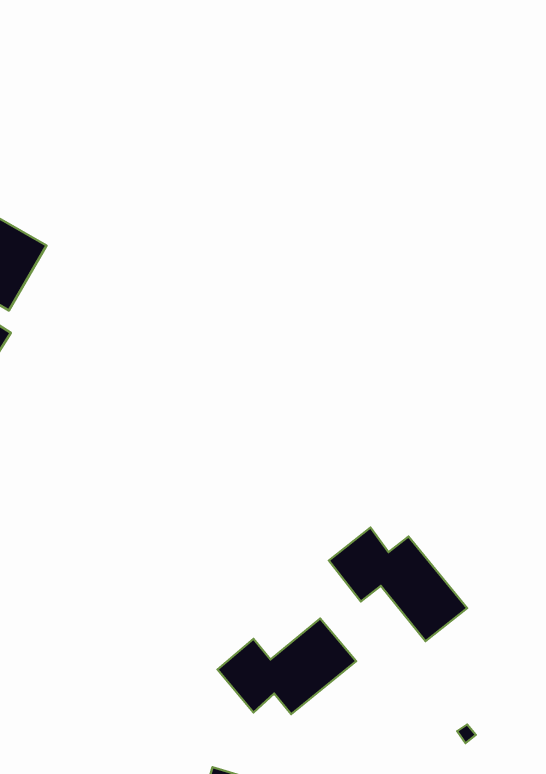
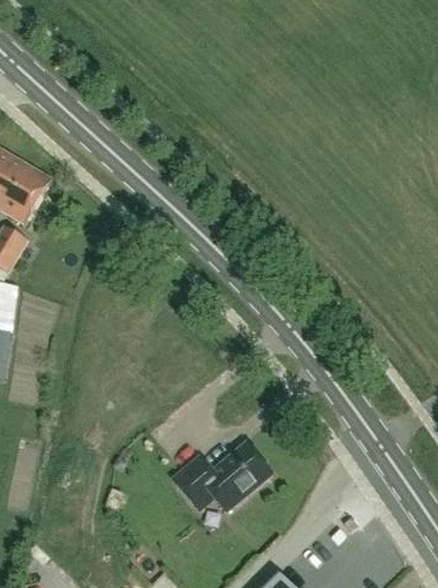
building: [329,528,467,641] -> none

